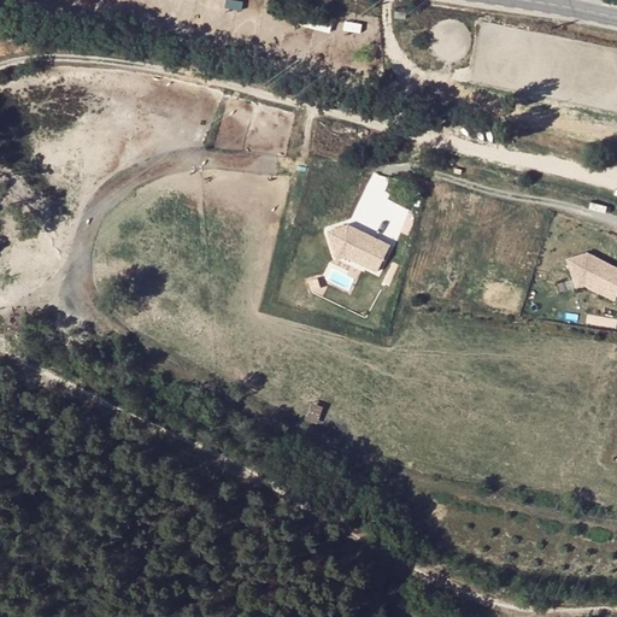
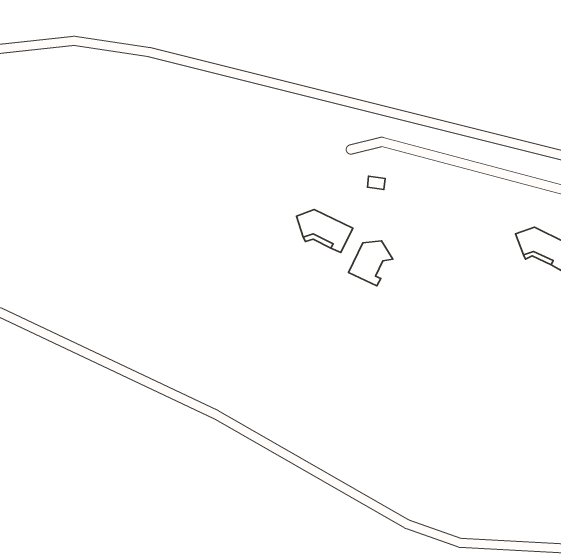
building: none -> [349,241,393,286]

